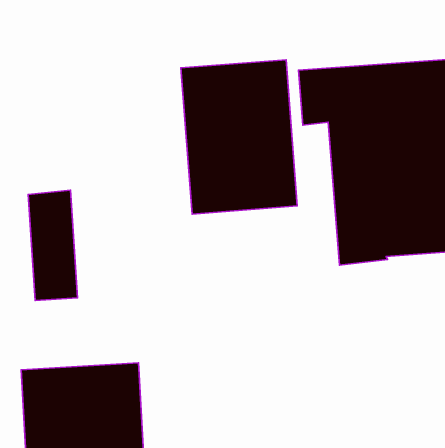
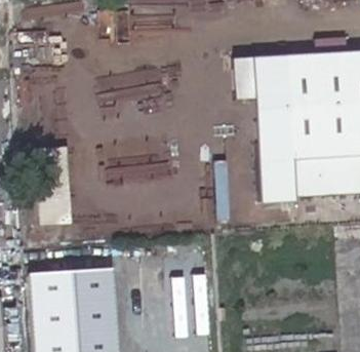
building: [181,60,297,214] -> none

